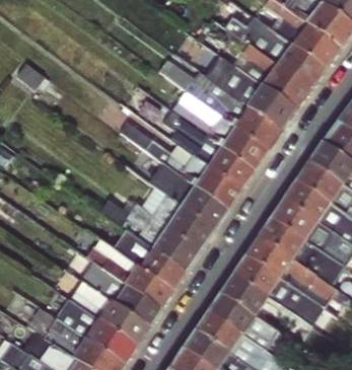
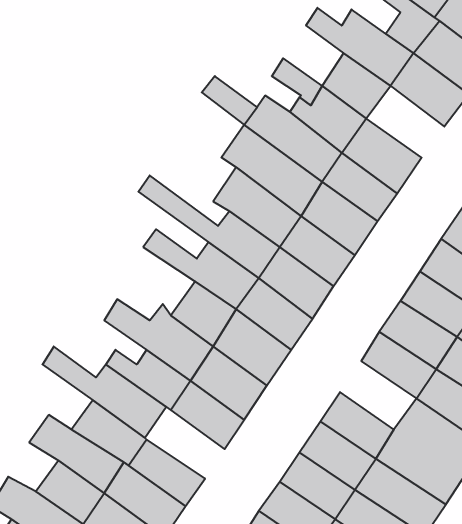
building: [262,66,310,110] -> none
building: [245,237,293,280] -> none
building: [124,266,173,310] -> none

